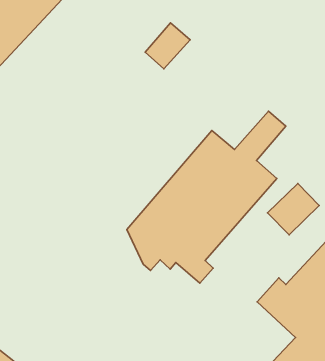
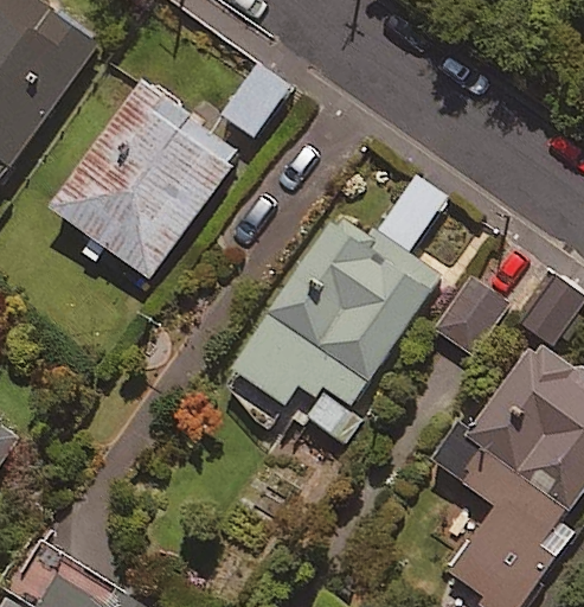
building: none -> [53,94,242,276]

